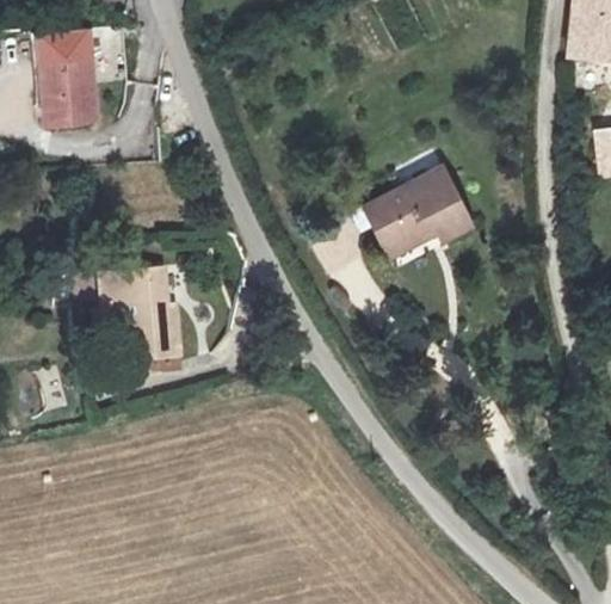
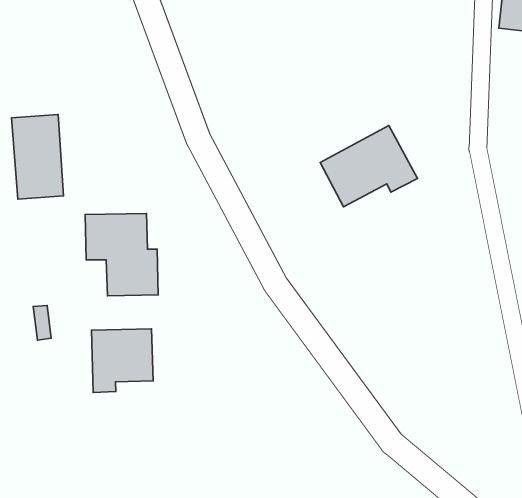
building: [36,31,94,127] -> [12,115,63,199]
building: none -> [92,329,153,393]

